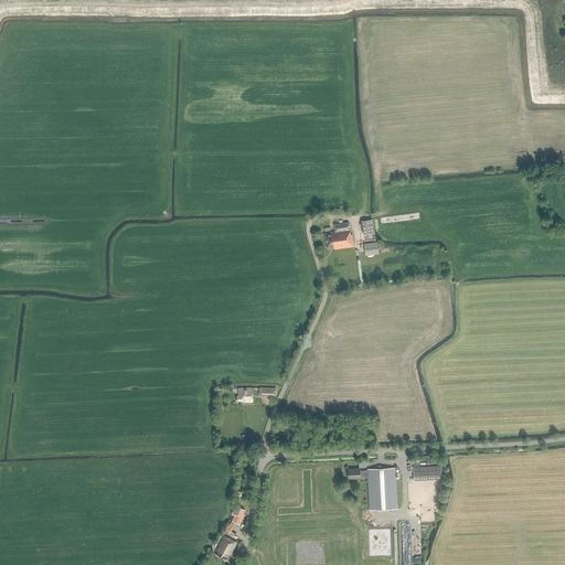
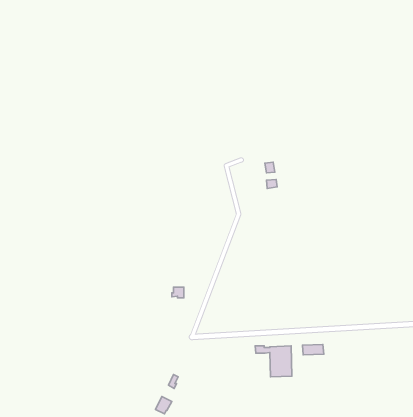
building: [323,223,353,249] -> none

